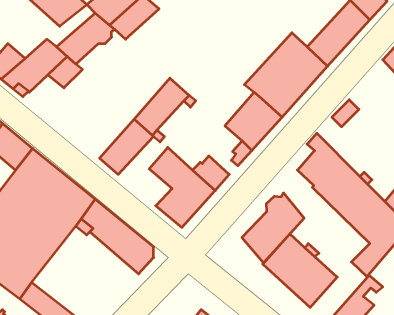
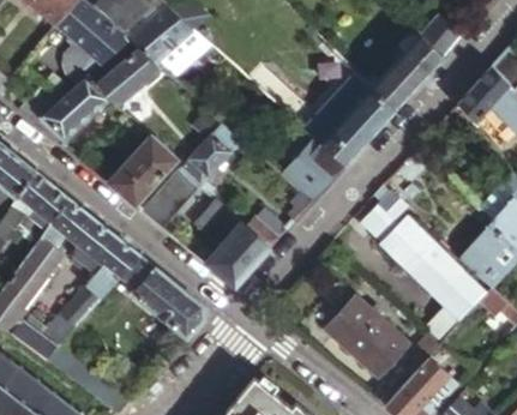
building: none -> [107,136,176,205]
building: [242,193,304,263] -> none

